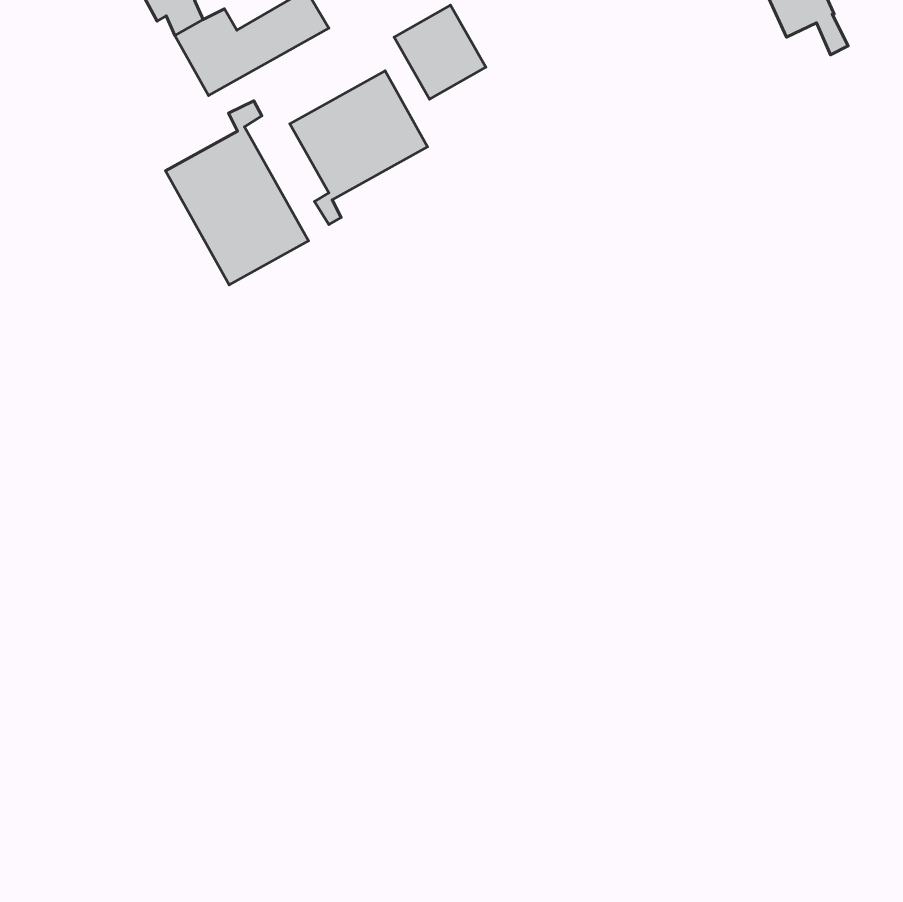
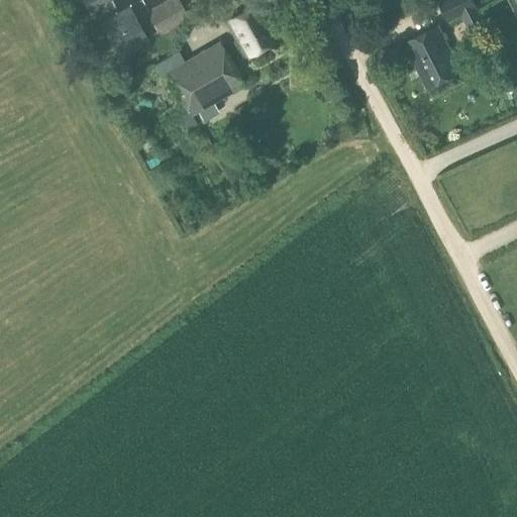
building: none -> [405,25,461,89]
building: [165,101,308,285] -> none

